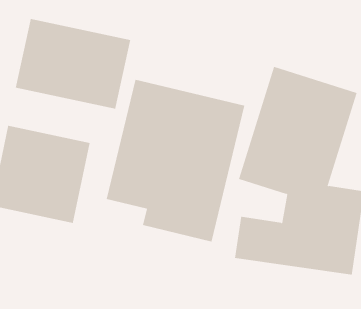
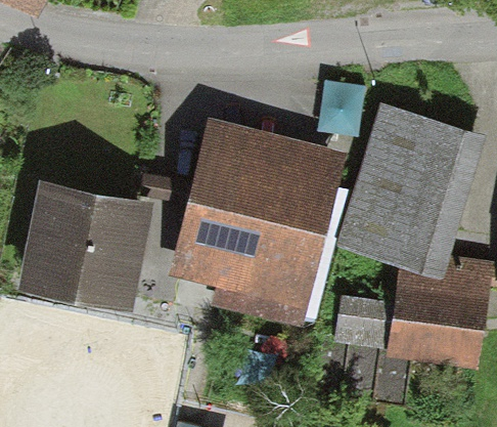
building: [15,18,131,109] -> none

